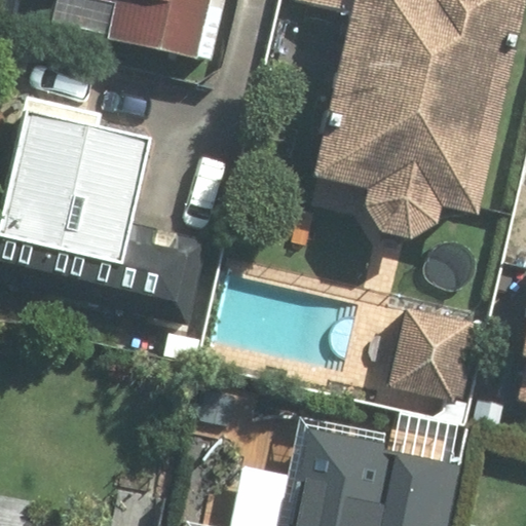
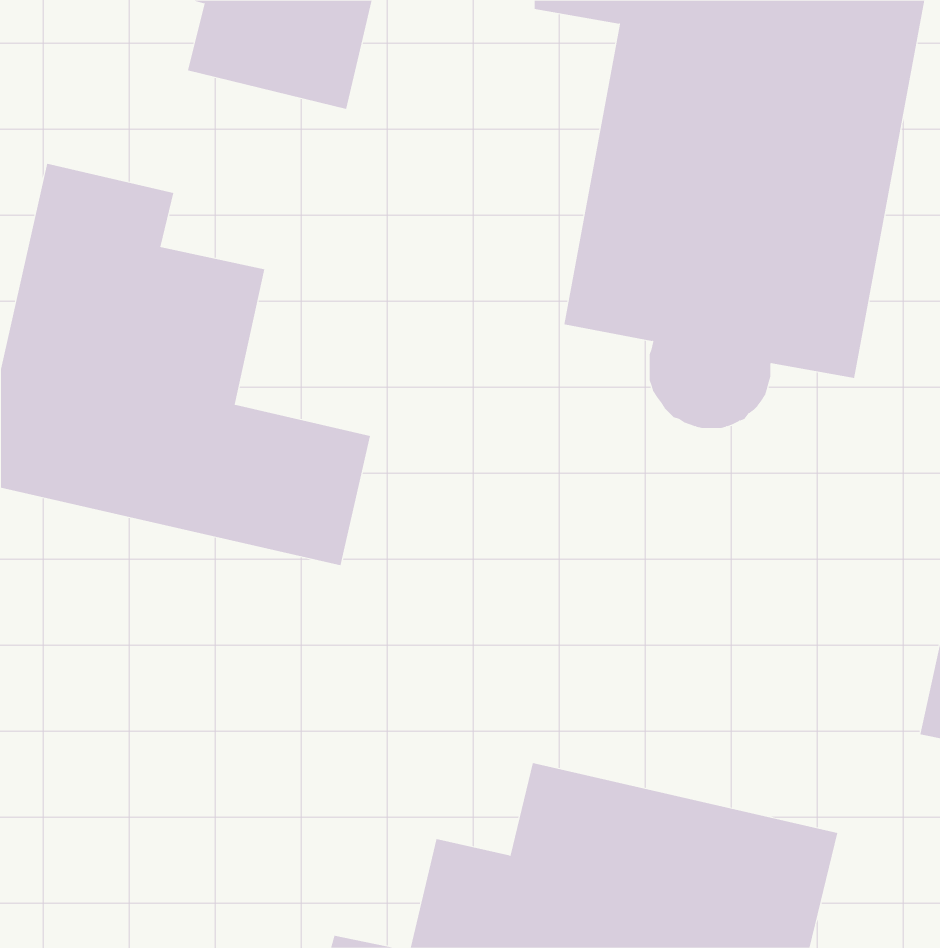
building: [383,301,482,425] -> none

